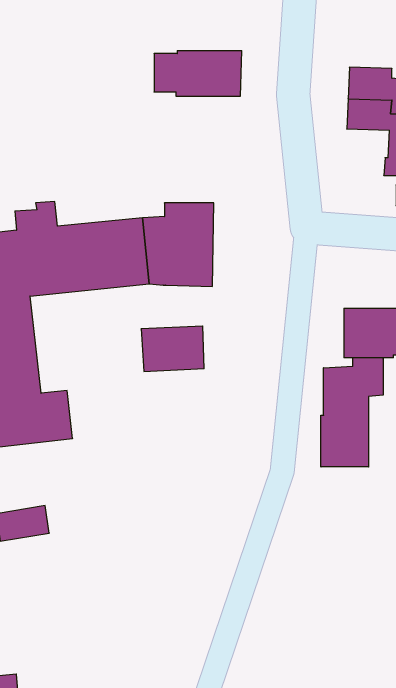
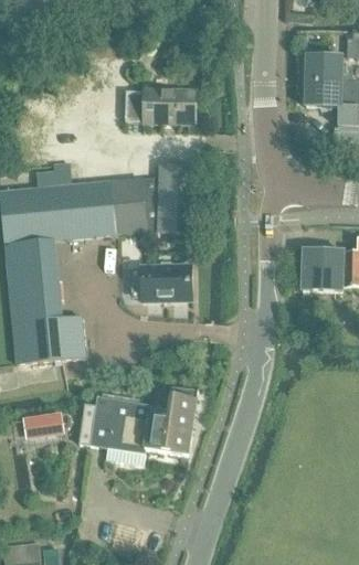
building: [154,51,242,96] -> [125,88,196,125]
building: [321,358,383,467] -> none
building: none -> [80,386,197,465]

